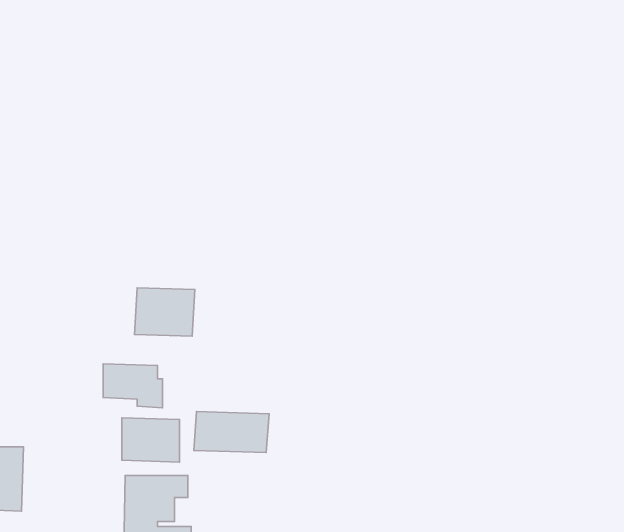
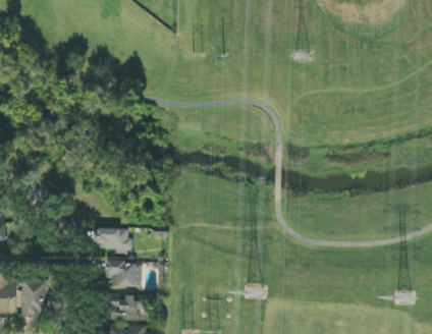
building: [135,288,195,336] -> none
building: [194,412,269,453] -> none

